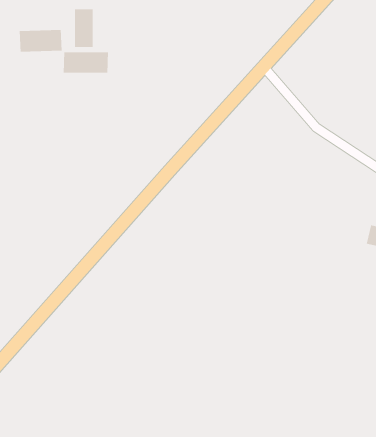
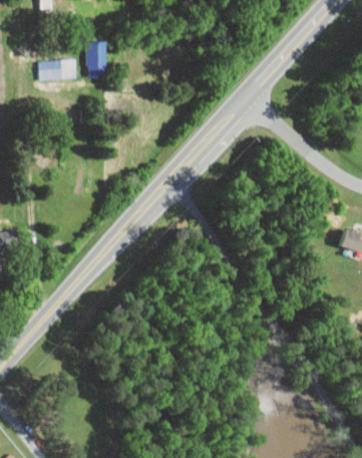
building: [63,51,109,74] -> none

